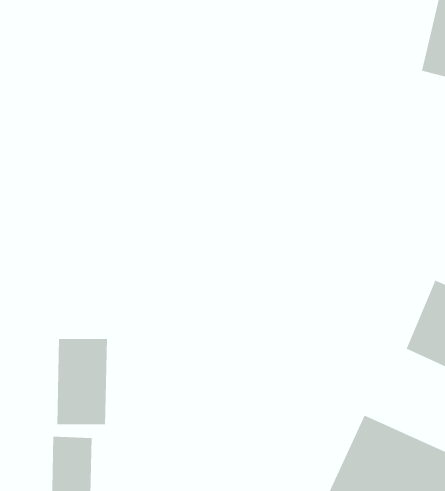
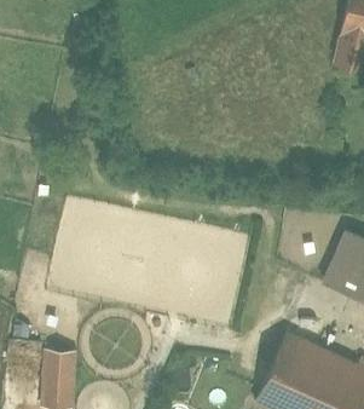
building: [57,338,107,425] -> none

